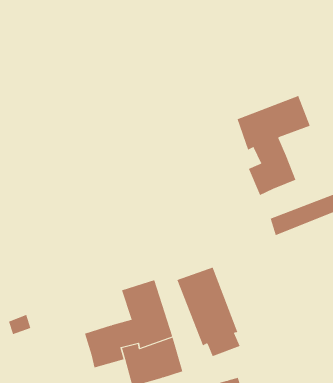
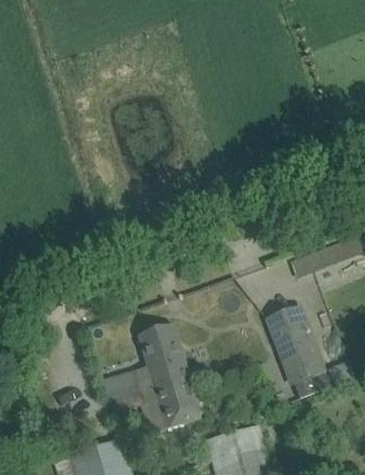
building: [237,95,311,196] -> none
building: [176,267,240,357] -> [262,305,327,397]

